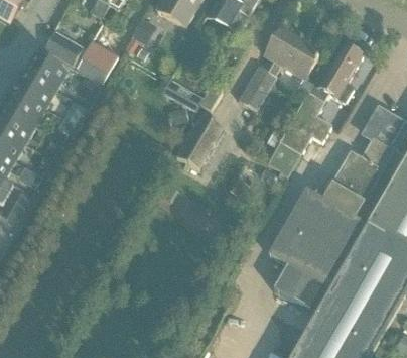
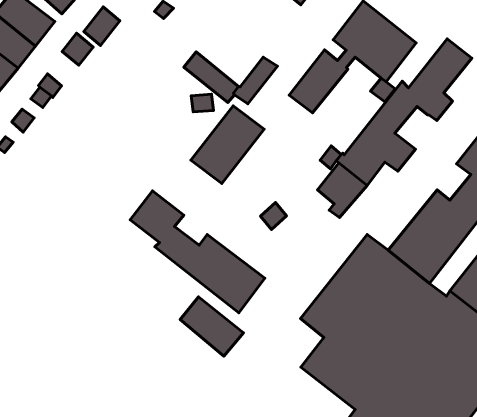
building: none -> [130,191,265,313]
building: none -> [180,297,244,356]

